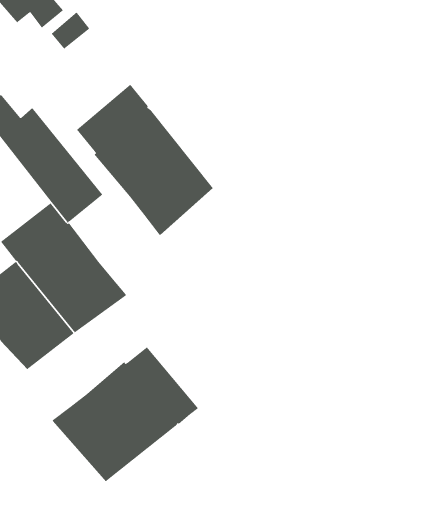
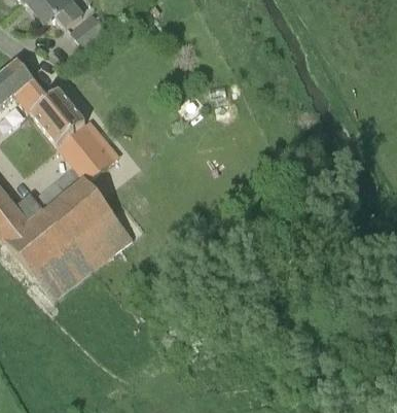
building: [76,84,213,235] -> none
building: [52,346,199,482] -> none

